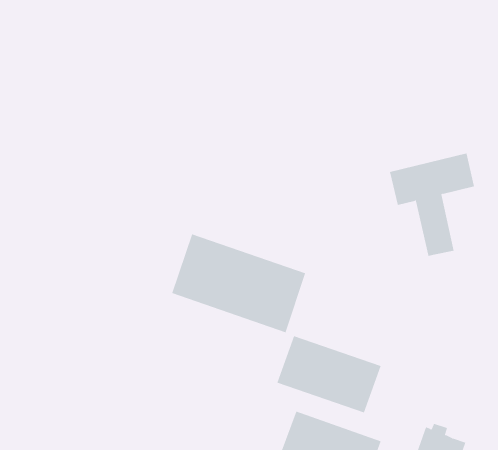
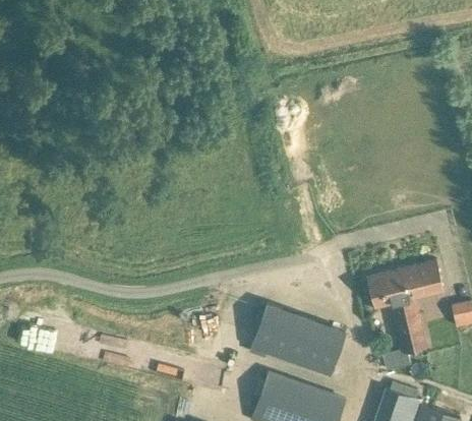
building: [389,153,475,256] -> [368,259,446,353]
building: [172,233,306,333] -> none

